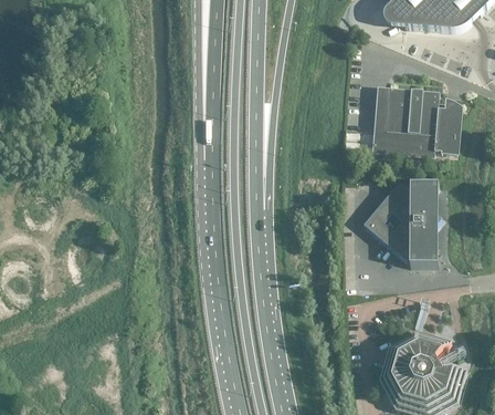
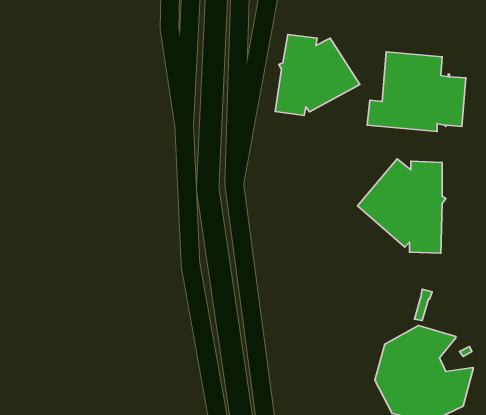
building: none -> [275,34,360,115]

